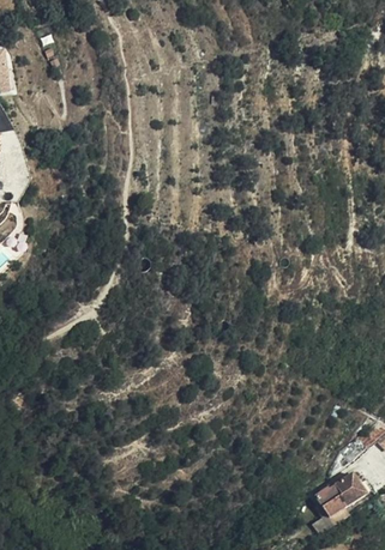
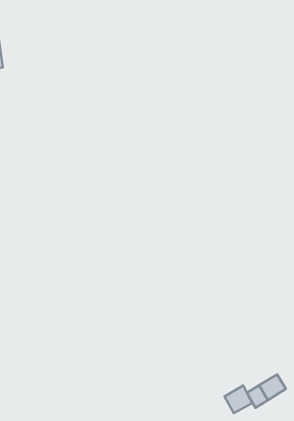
building: none -> [224,386,252,413]

